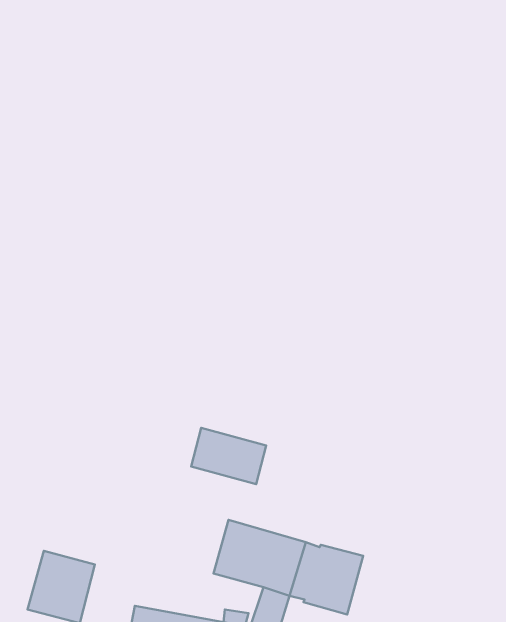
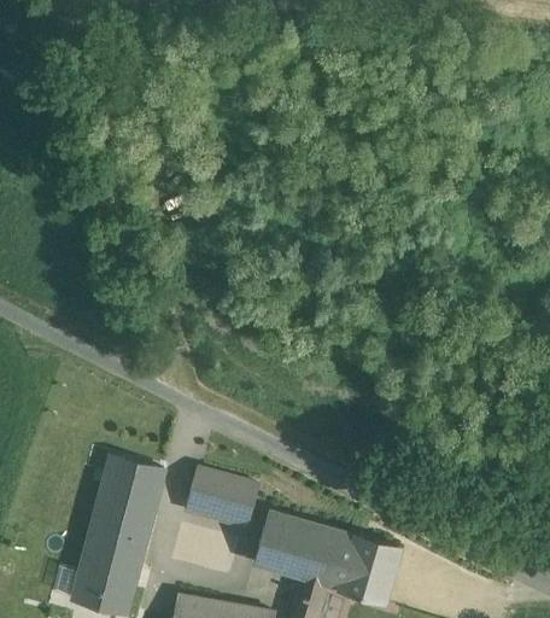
building: [191,428,266,484] -> [186,467,258,521]
building: none -> [89,456,162,555]

